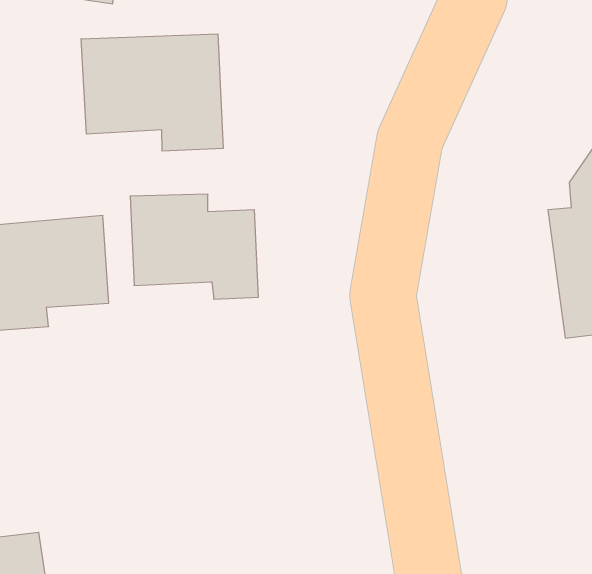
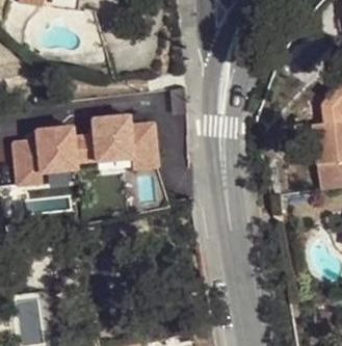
building: [81,34,223,151] -> none

